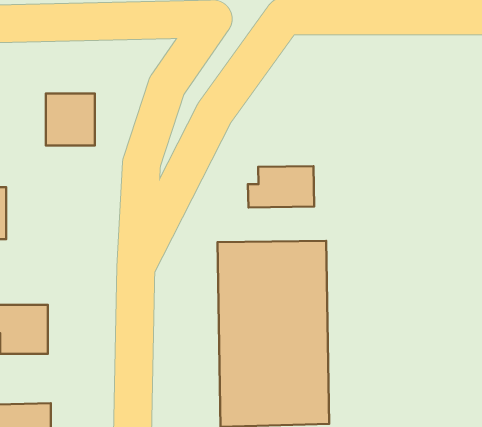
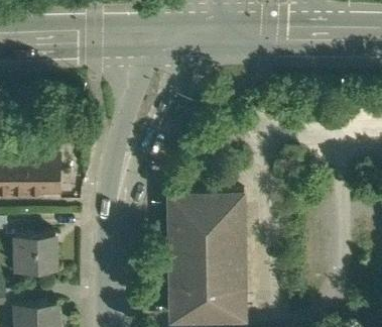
building: [46,93,95,146] -> [26,160,59,196]
building: [248,166,314,208] -> none

